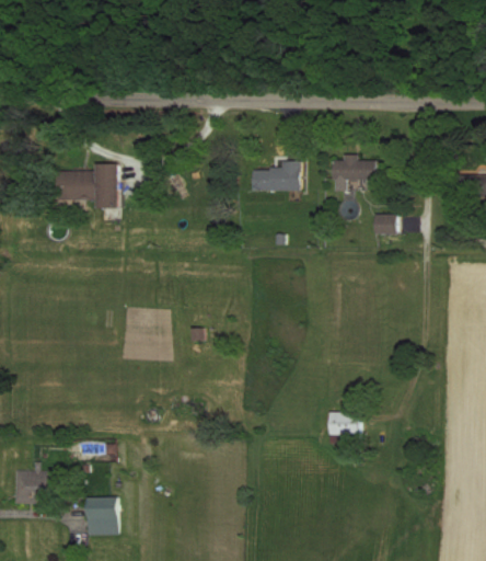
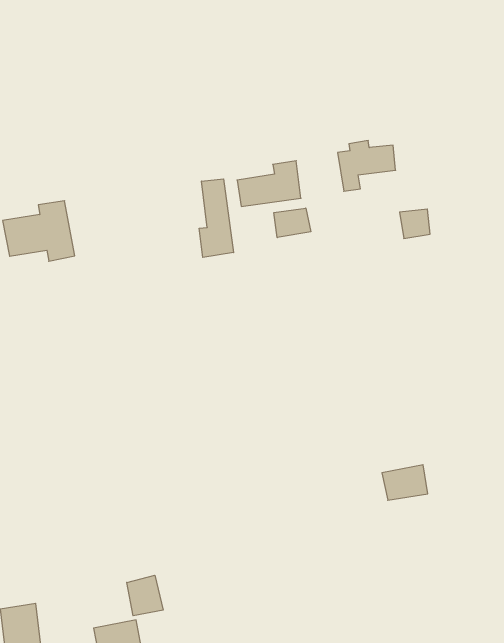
building: none -> [199,179,234,257]
building: none -> [274,208,311,238]
building: none -> [127,575,163,616]

